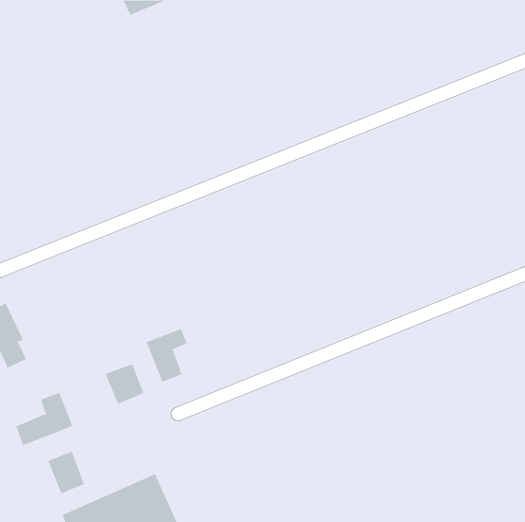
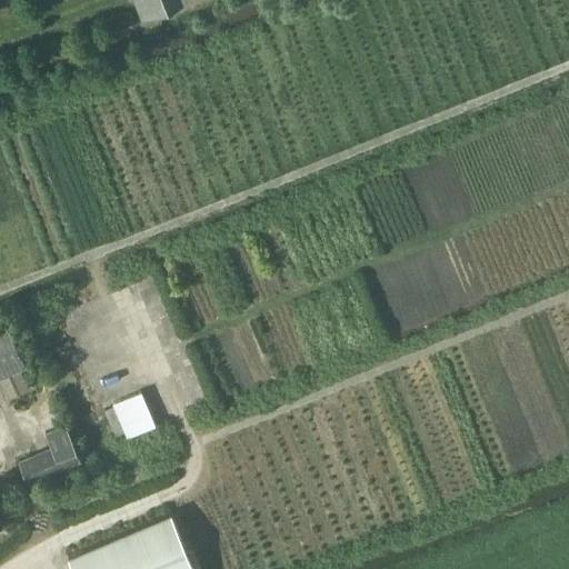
building: [146,328,188,383] -> none
building: [48,451,85,494] -> none

